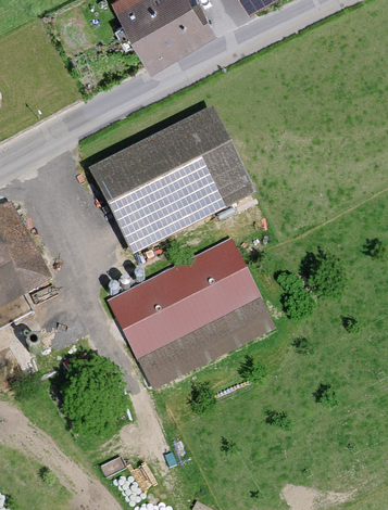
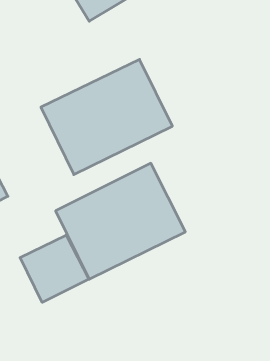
building: none -> [20,235,89,302]

